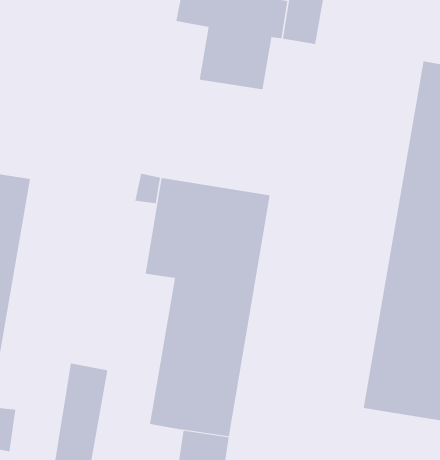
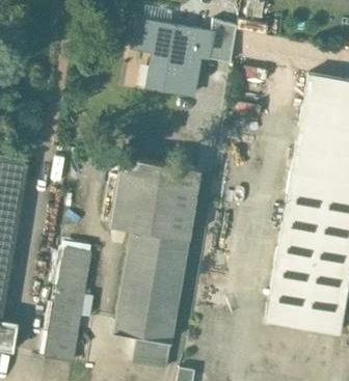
building: none -> [56,249,89,295]

